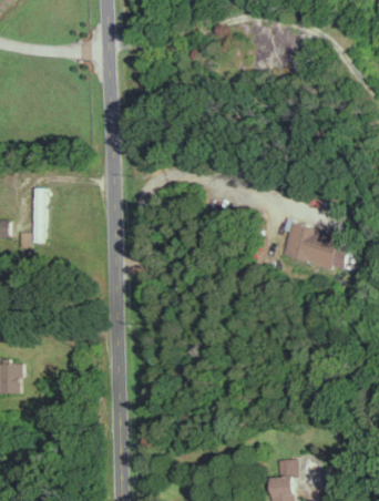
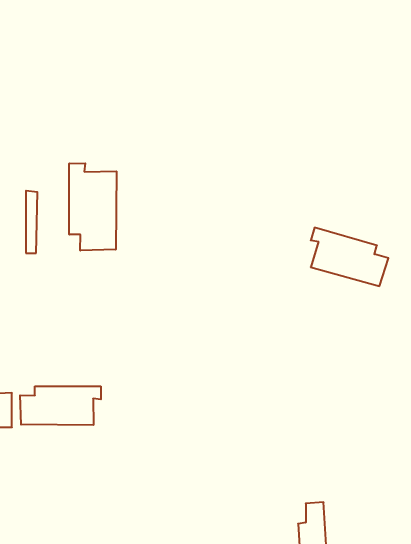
building: none -> [69,163,116,251]
building: none -> [20,386,101,425]

